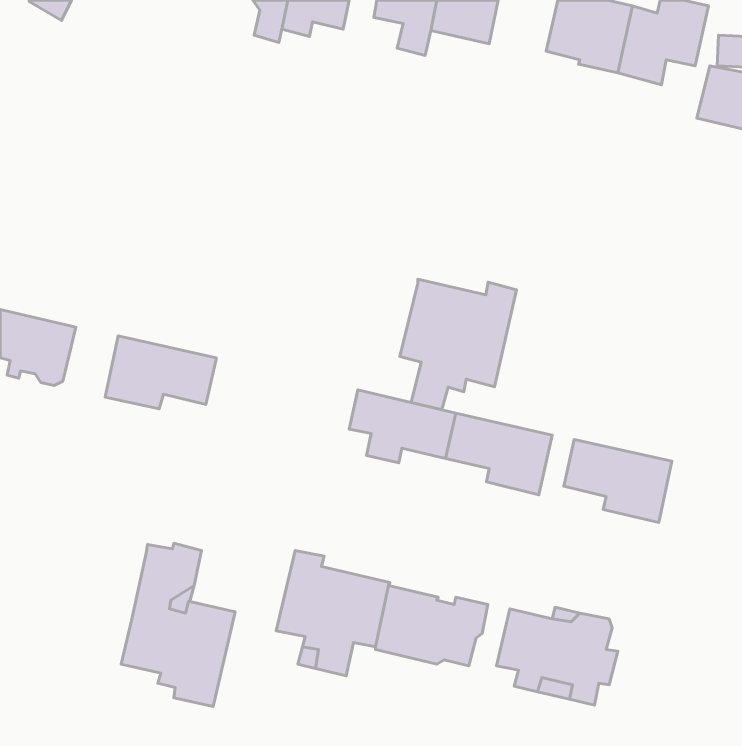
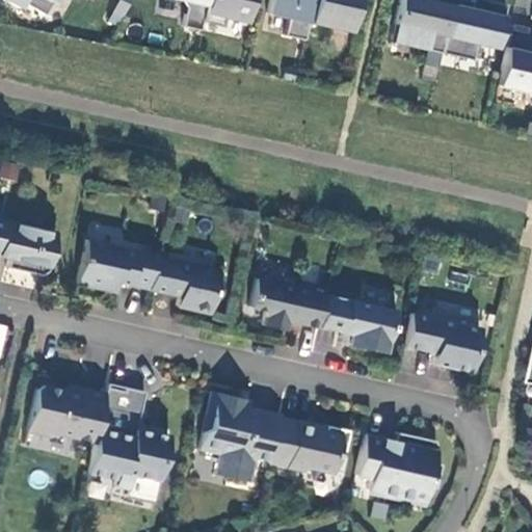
building: [400,279,517,409] -> none
building: none -> [150,256,220,312]
building: none -> [27,384,107,442]

